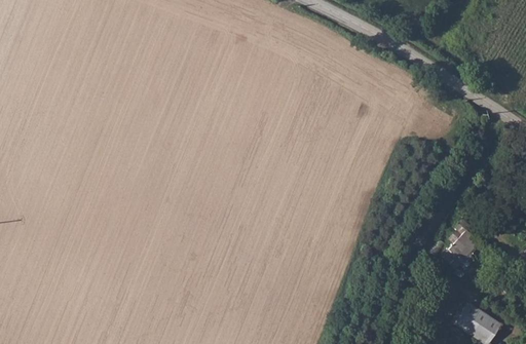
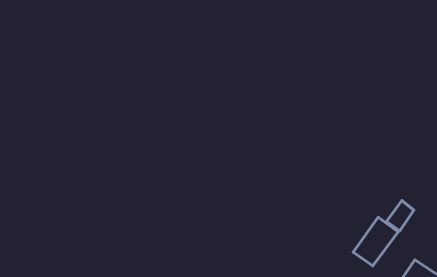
building: none -> [353,217,398,266]

